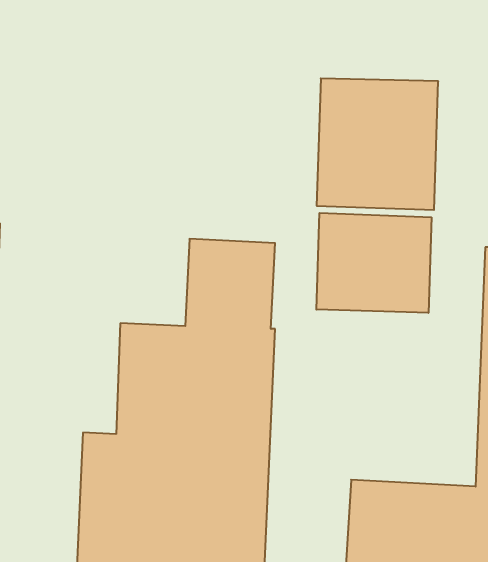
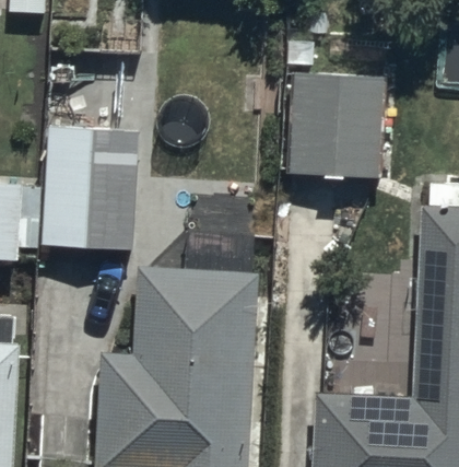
building: none -> [44,127,141,248]
building: [316,213,431,313] -> none

